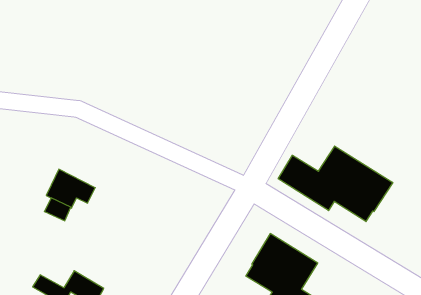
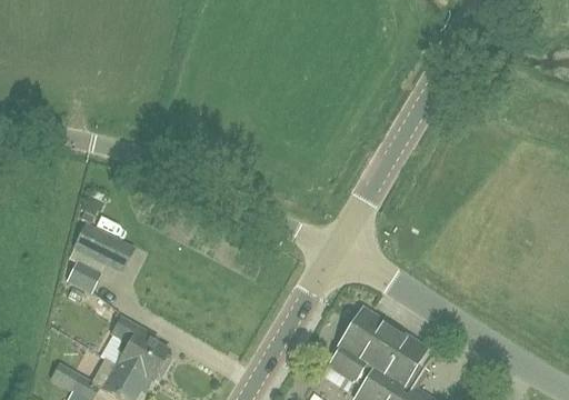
building: [278,146,393,222] -> none
building: none -> [111,318,170,381]

